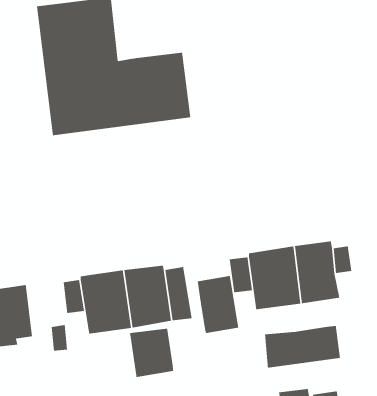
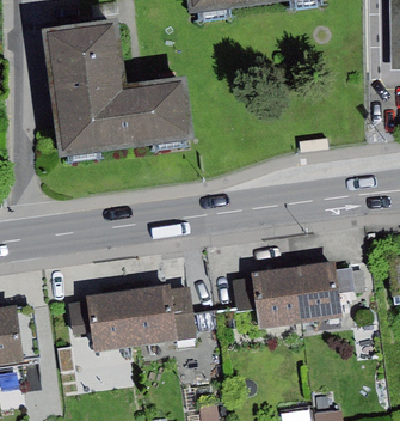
building: [197,275,239,334] -> none
building: [264,325,341,368] -> none
building: [129,328,174,378] -> none

